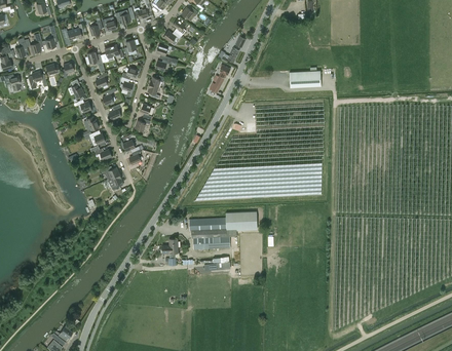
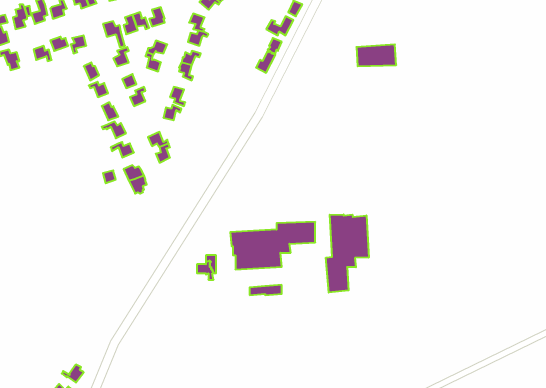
building: none -> [326,214,369,293]

